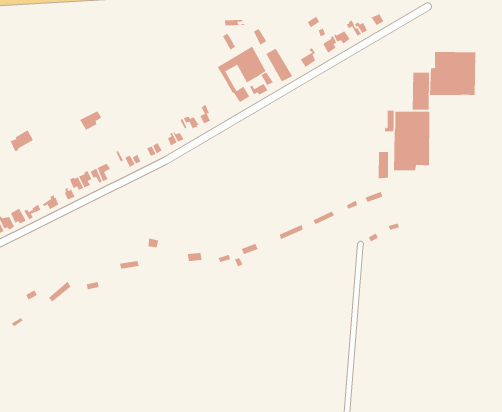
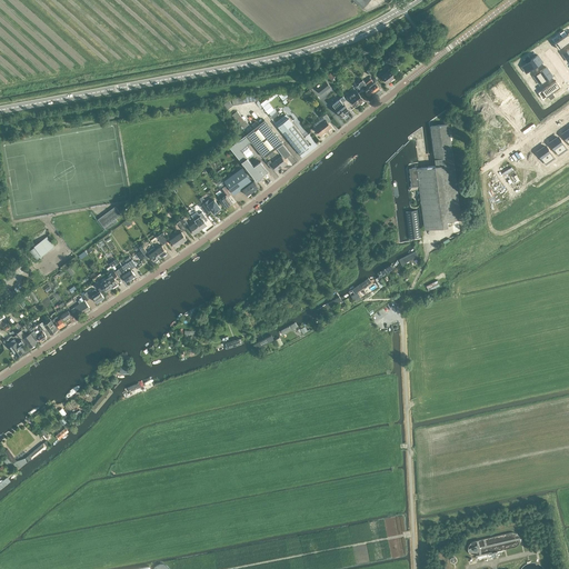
building: [430,51,476,96] -> none
building: none -> [223,168,258,196]

